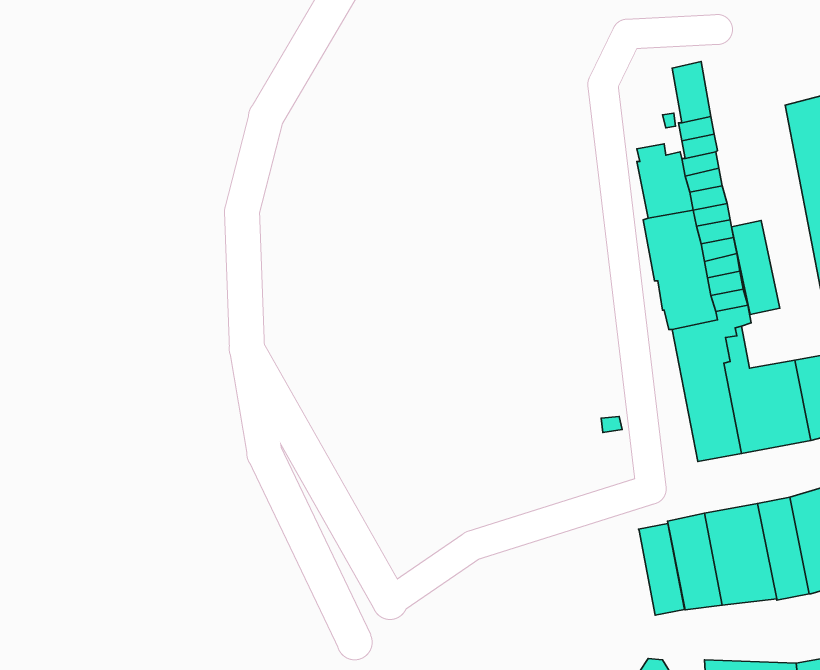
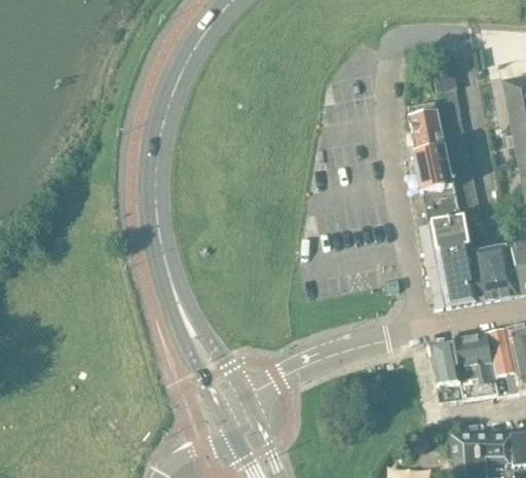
building: [732,220,780,315] -> none
building: [639,523,684,615] -> none

